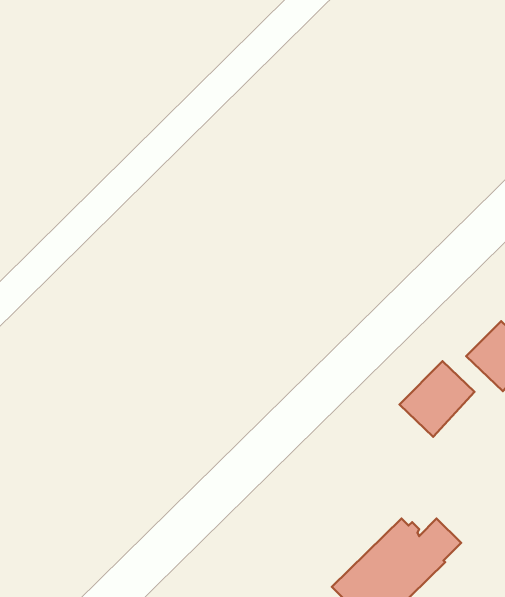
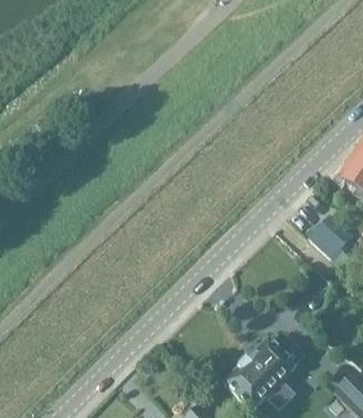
building: [399,361,474,437] -> none

